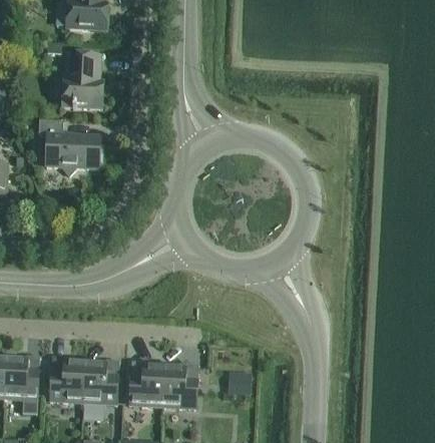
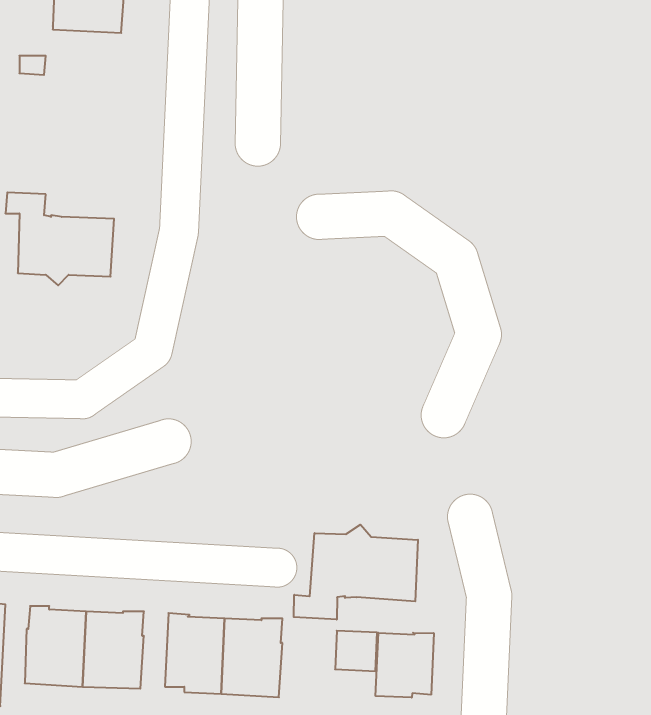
building: [62,52,103,108] -> none
building: none -> [294,525,418,620]
building: none -> [376,633,434,698]

